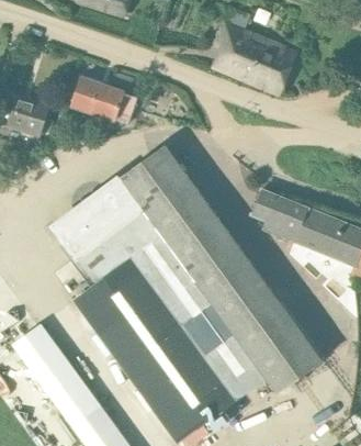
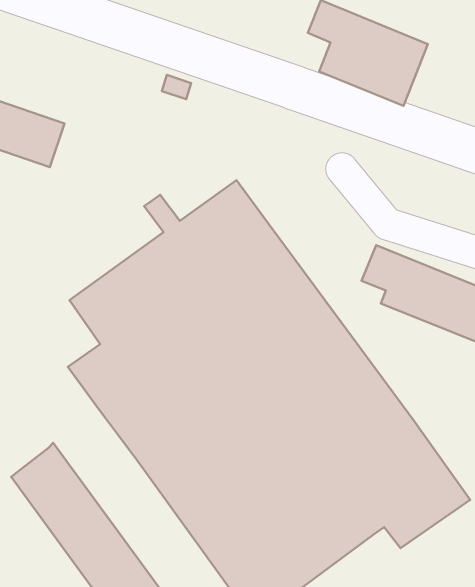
building: [71,77,137,123] -> none

